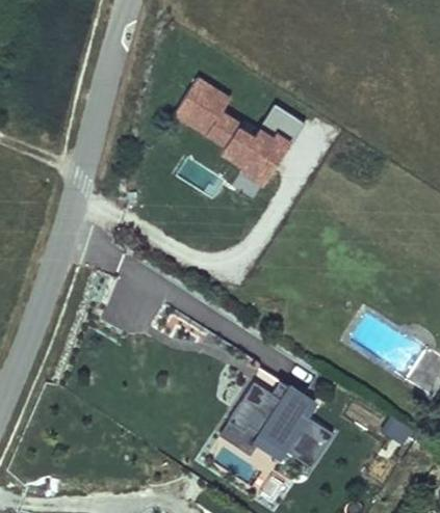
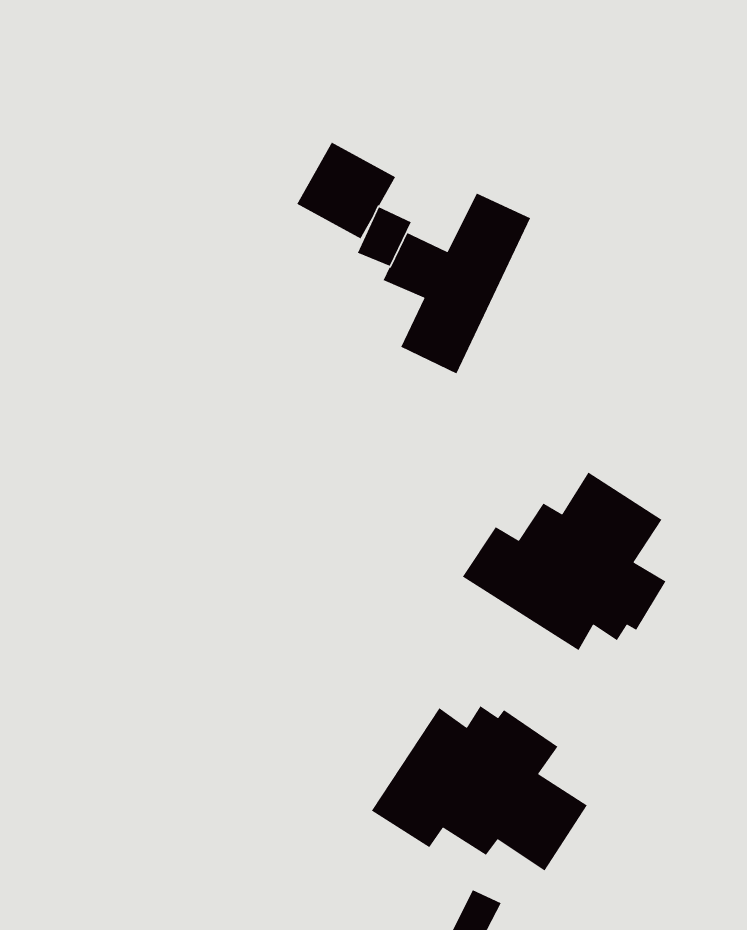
building: none -> [462,471,667,651]

